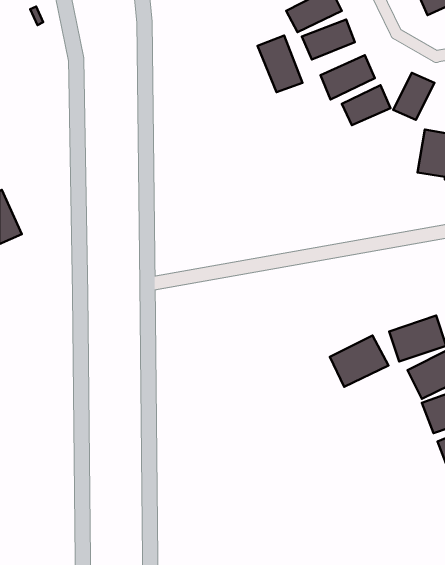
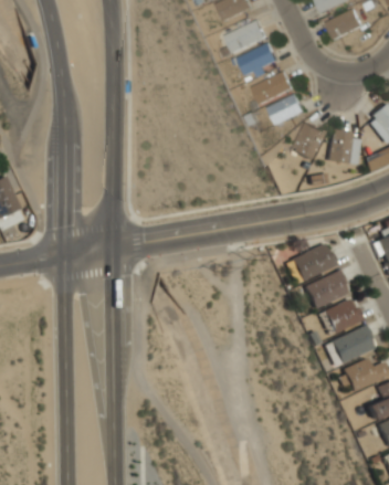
building: [257,35,302,92] -> none
building: [393,73,435,120] -> [293,123,325,159]
building: [330,335,388,387] -> [292,242,337,282]

